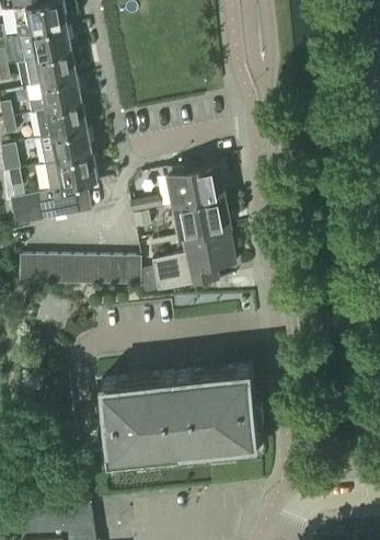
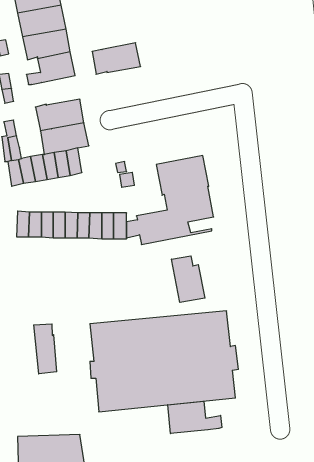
building: [35,104,89,139] -> [92,43,141,74]
building: [166,160,224,203] -> none
building: none -> [172,256,205,302]
building: none -> [34,324,57,374]
building: none -> [168,401,222,434]

